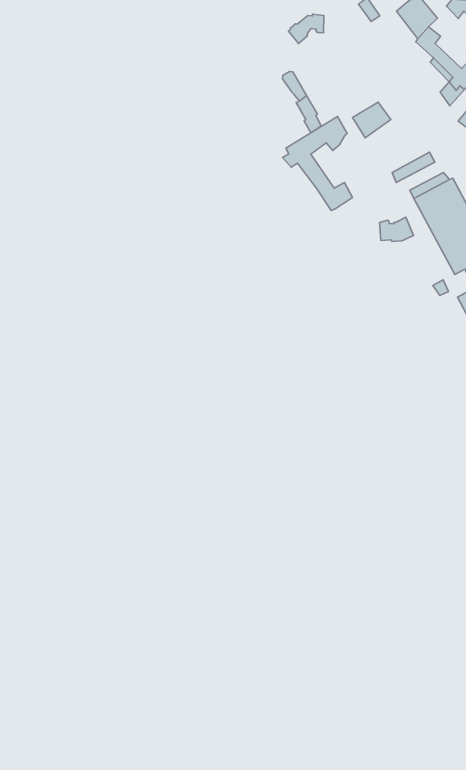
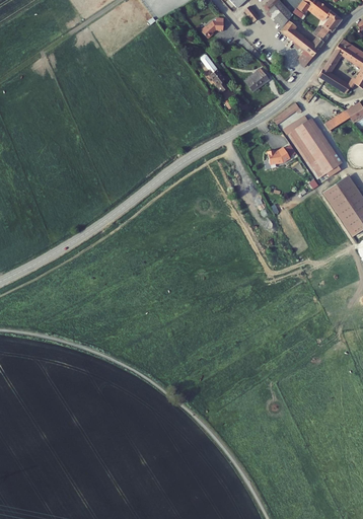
building: [283,117,353,211] -> none

